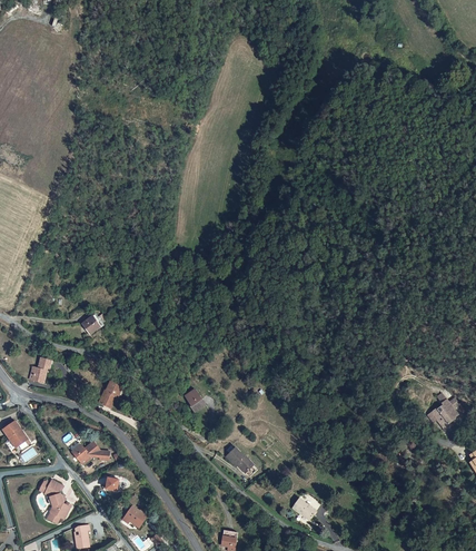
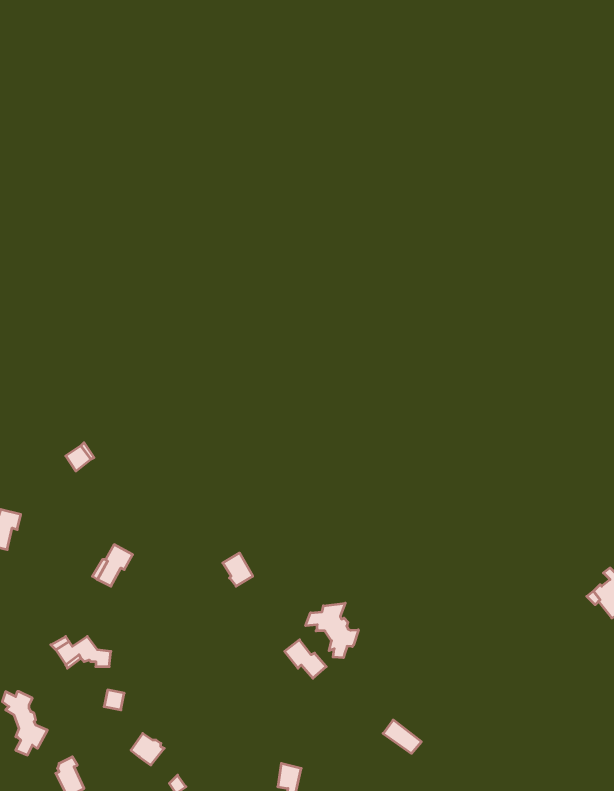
building: none -> [306,603,358,658]

